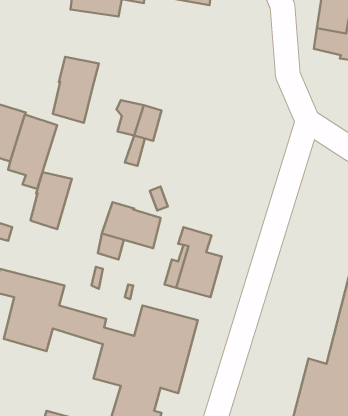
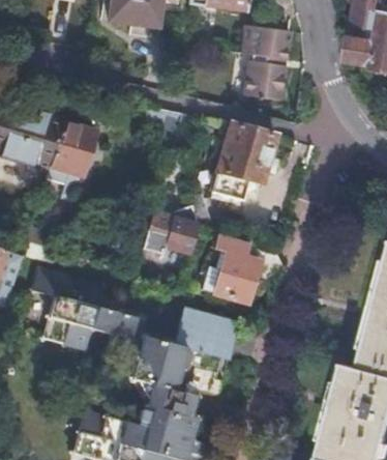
building: none -> [237,27,285,103]
building: [53,57,99,123] -> none
building: none -> [211,124,277,198]
building: [30,172,72,229] -> none

